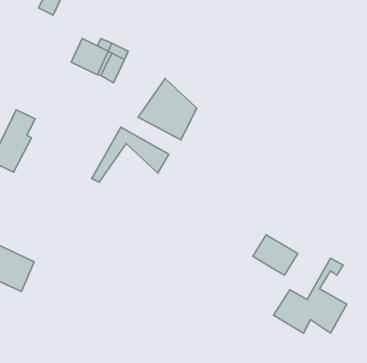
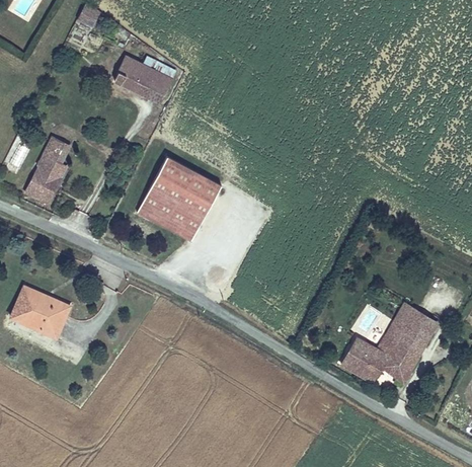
building: [138,78,197,140] -> [144,173,210,242]
building: [253,235,298,275] -> none
building: none -> [391,310,439,354]

